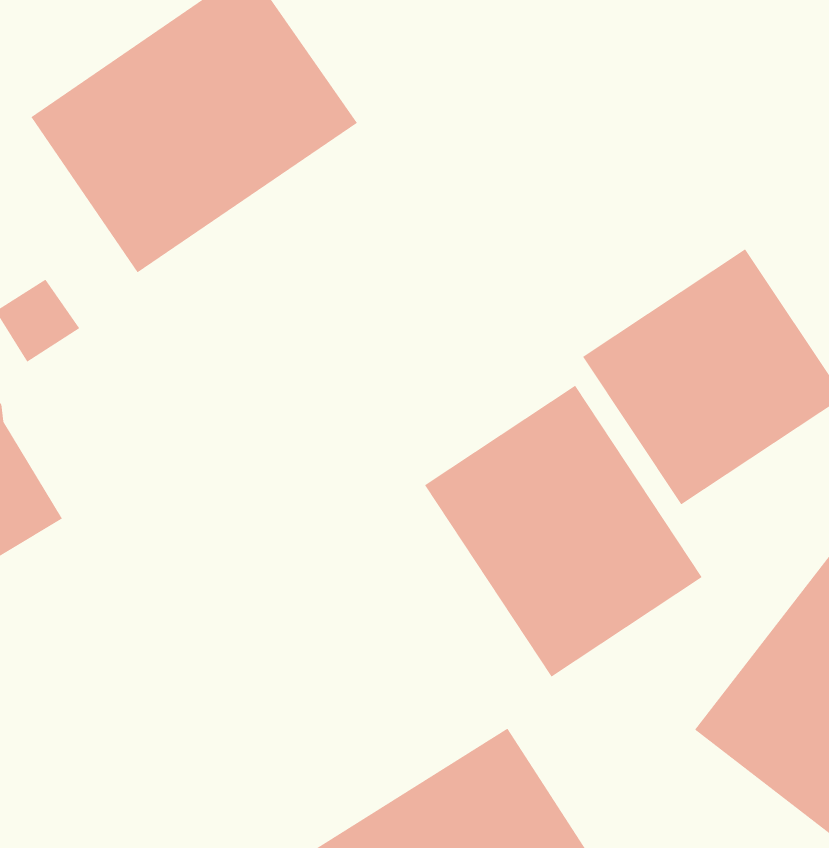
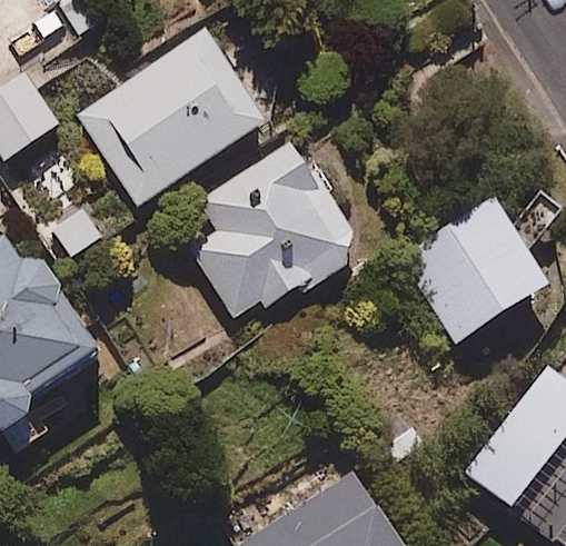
building: none -> [189,136,354,317]
building: [424,385,702,678] -> none

